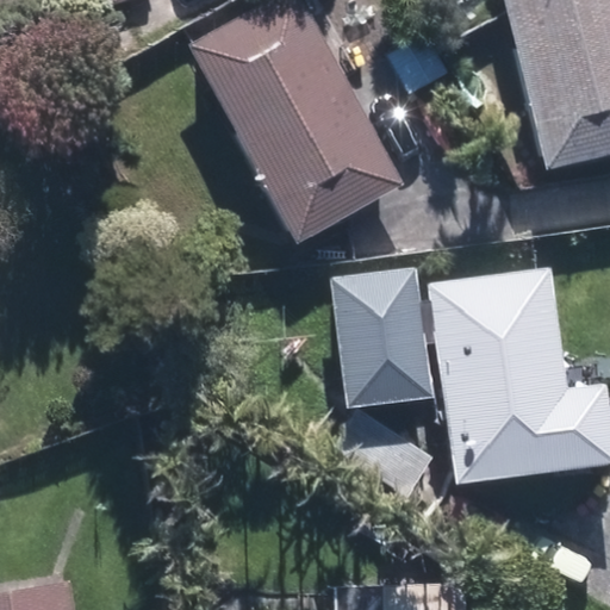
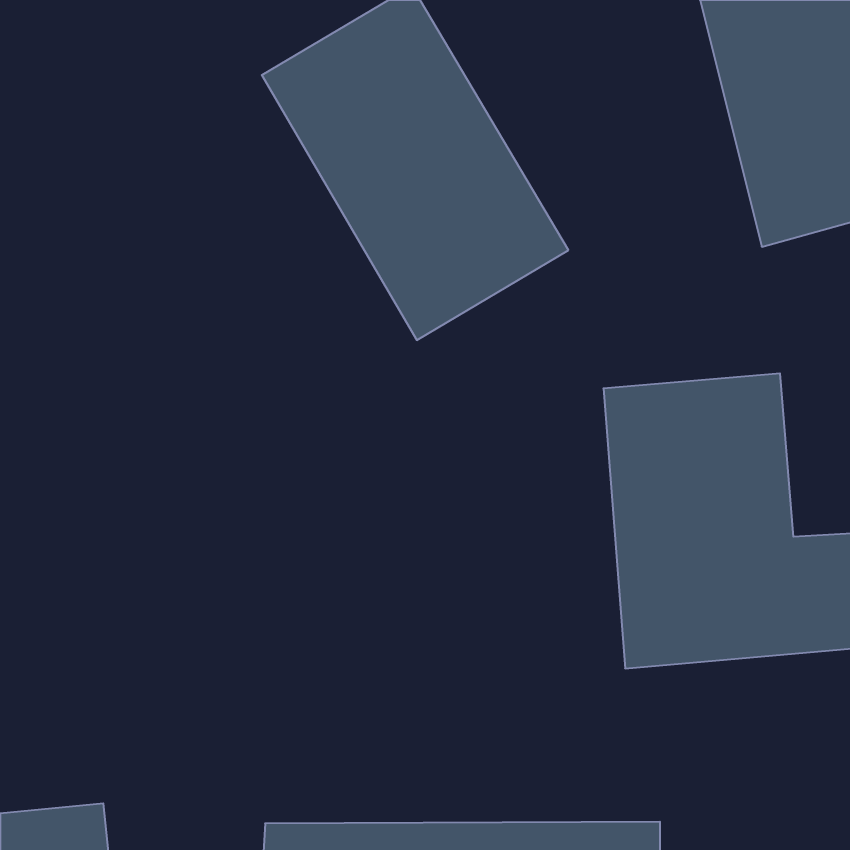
building: [329,270,430,407] -> none

